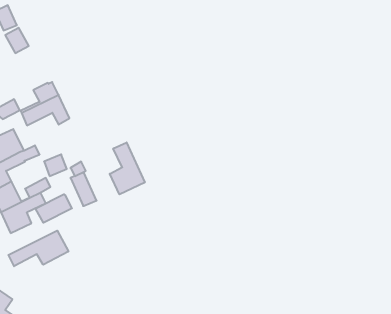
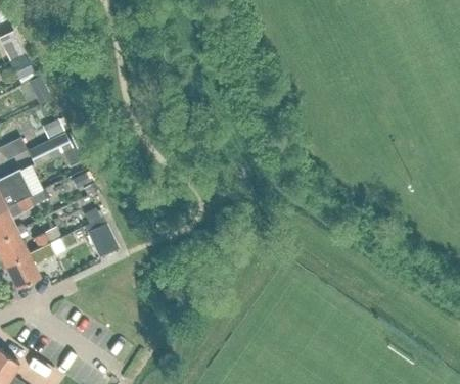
building: [110,142,145,194] -> none
building: [36,194,72,223] -> none
building: [8,231,68,266] -> none

